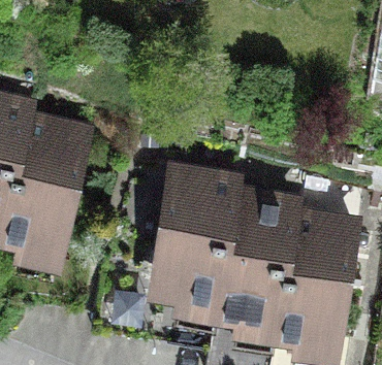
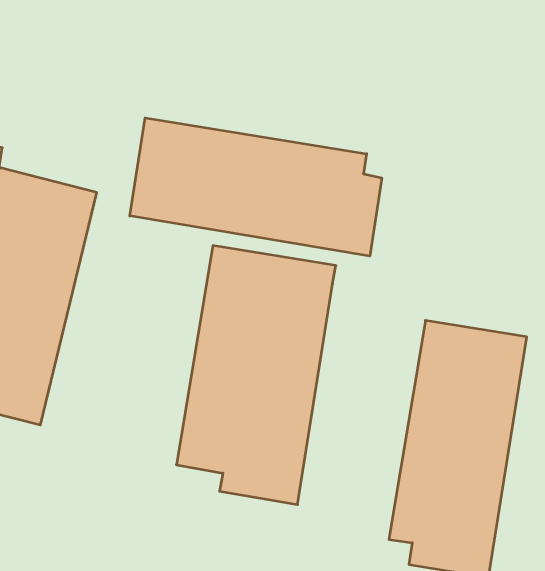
building: none -> [130,118,382,256]
building: [221,184,303,342] -> none

